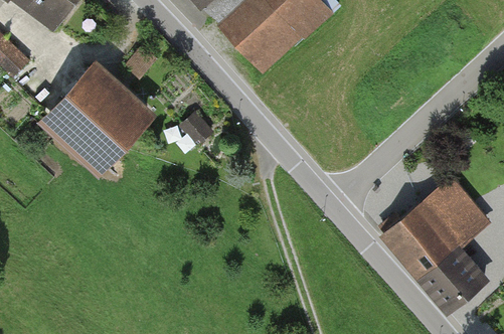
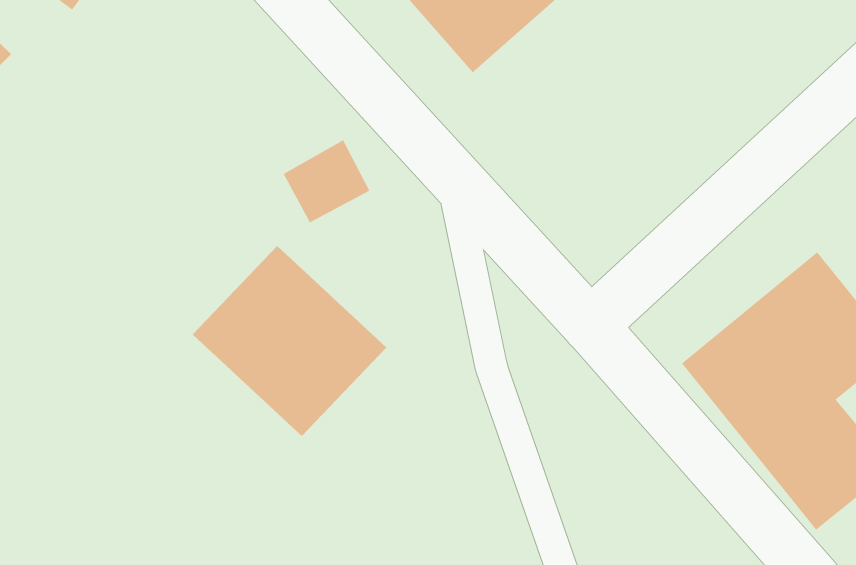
building: [46,71,150,173] -> [192,245,387,437]

